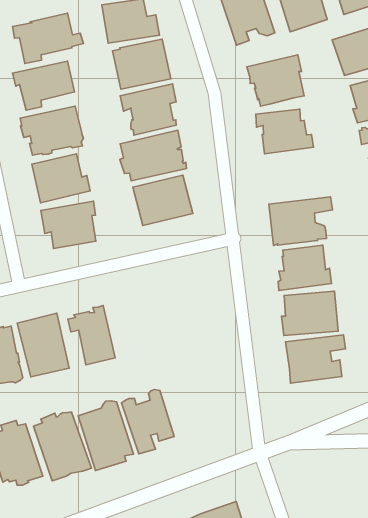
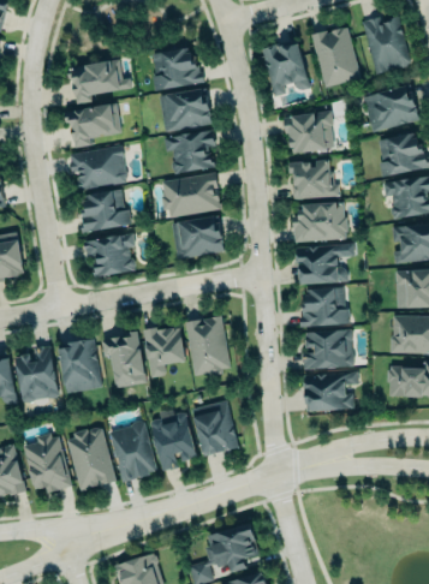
building: none -> [294,203,346,242]
building: none -> [185,316,231,377]
building: none -> [142,328,185,377]
building: none -> [190,398,240,458]

